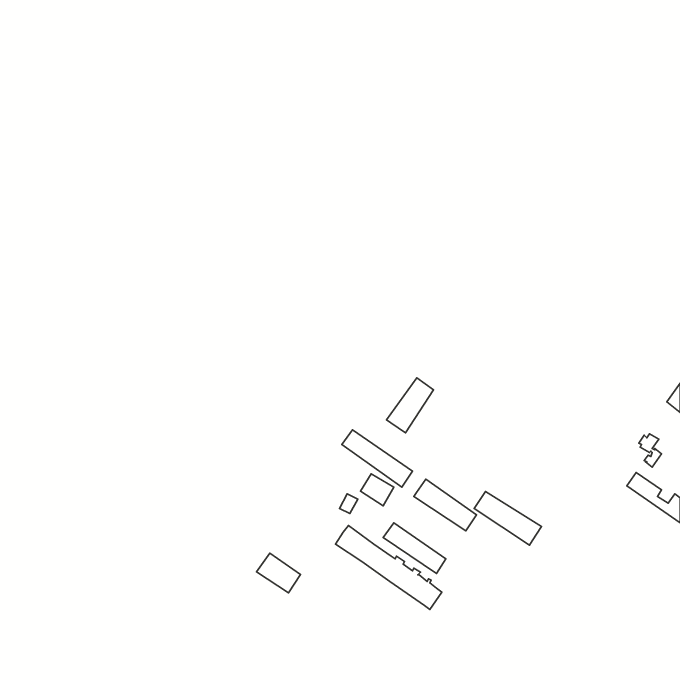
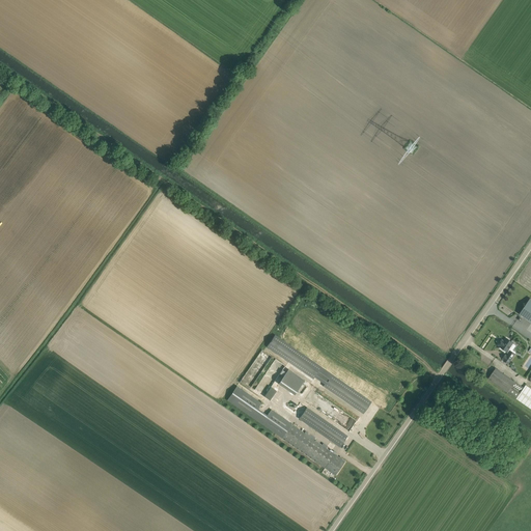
building: [387,378,434,433] -> none
building: [474,492,541,545] -> none
building: [256,553,300,593] -> [227,386,261,417]

